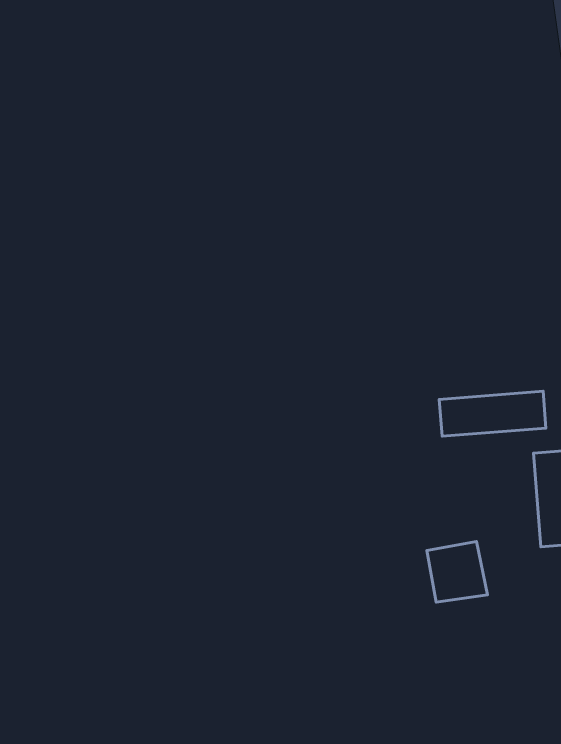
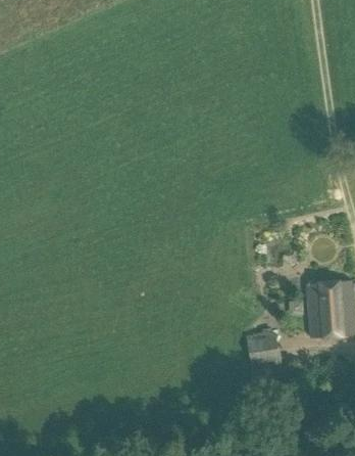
building: [439,391,546,436] -> none

